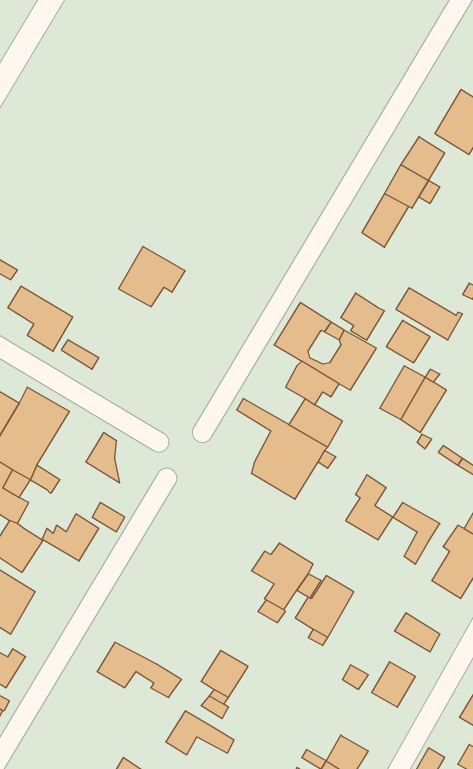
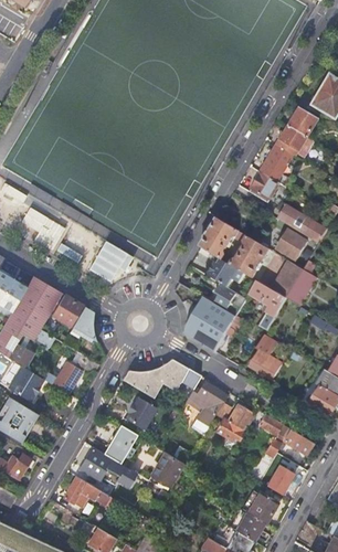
building: [119,247,185,307] -> [86,241,131,282]
building: [341,293,385,340] -> [250,170,279,202]
building: none -> [250,280,286,315]
building: none -> [51,293,82,325]
building: [393,502,440,564] -> [257,414,289,456]
building: none -> [122,358,187,396]
building: none -> [124,396,156,429]
building: none -> [103,425,136,463]
building: none -> [246,491,277,522]
building: [166,711,234,755] -> [62,475,108,505]

